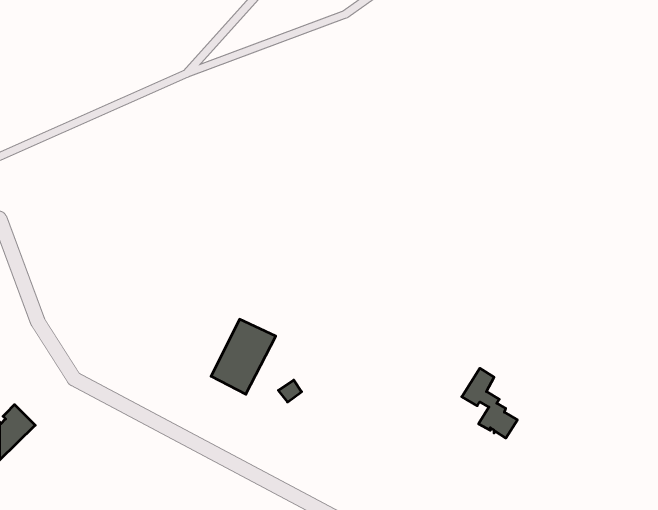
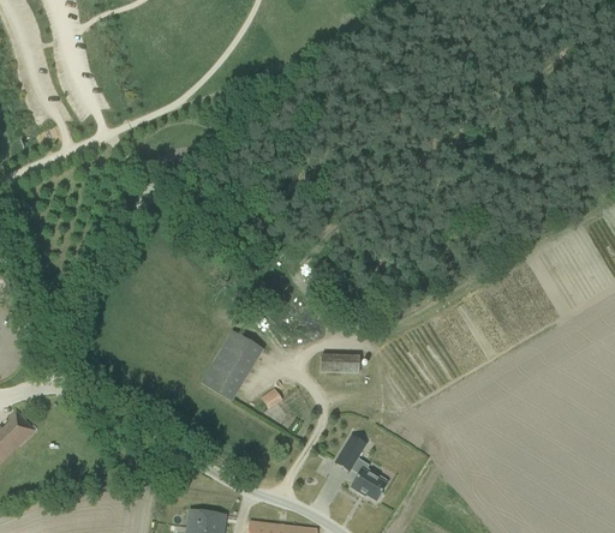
building: none -> [322,353,360,372]
building: [462,368,517,438] -> [335,435,387,499]

